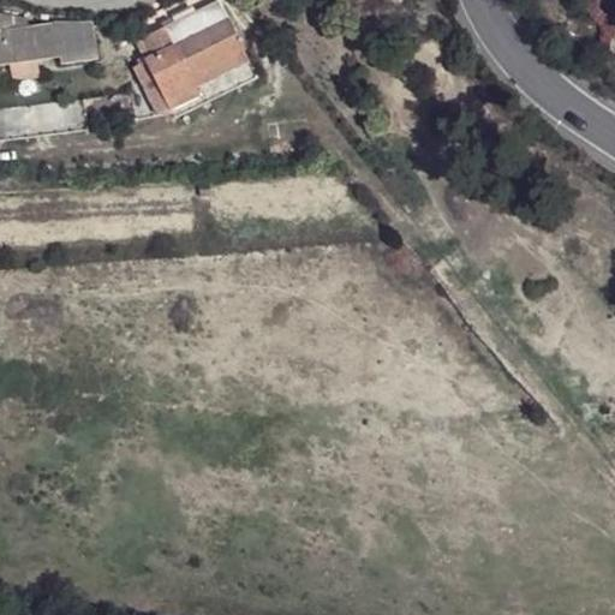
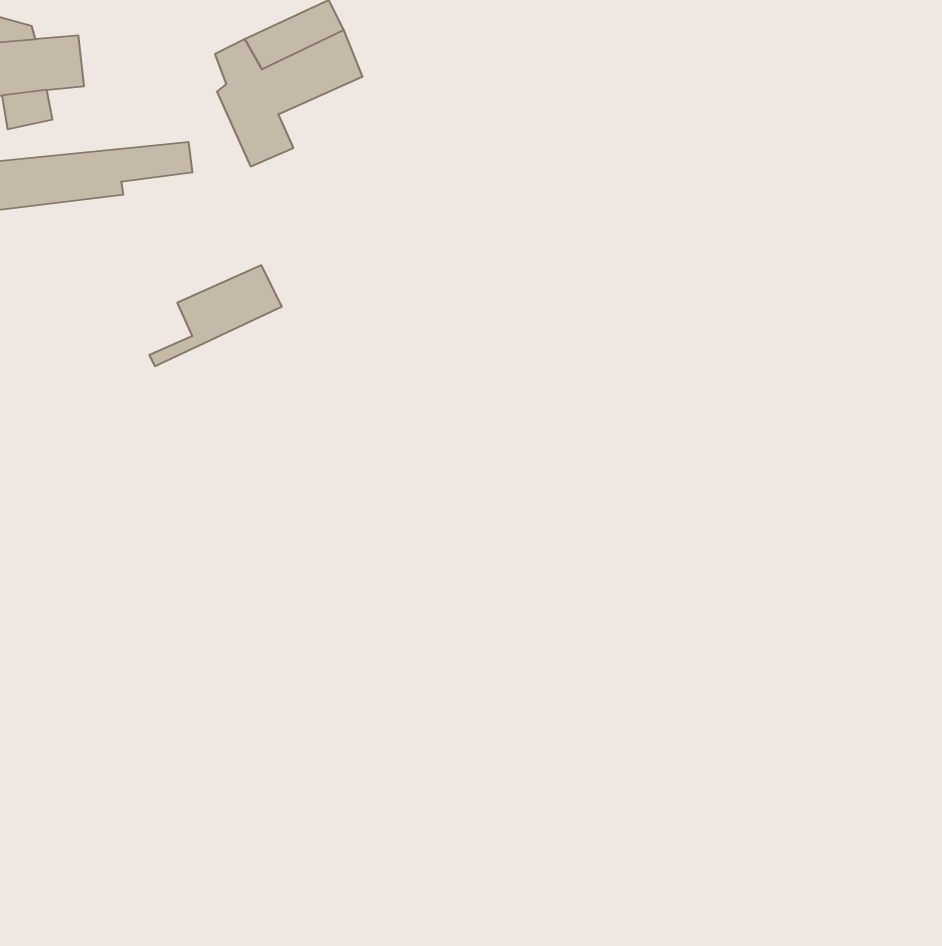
building: [50,23,91,66] -> none
building: [161,49,246,114] -> [149,265,282,366]

